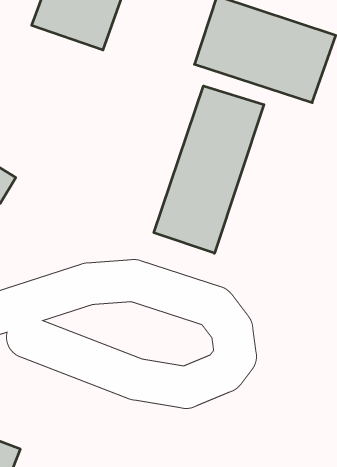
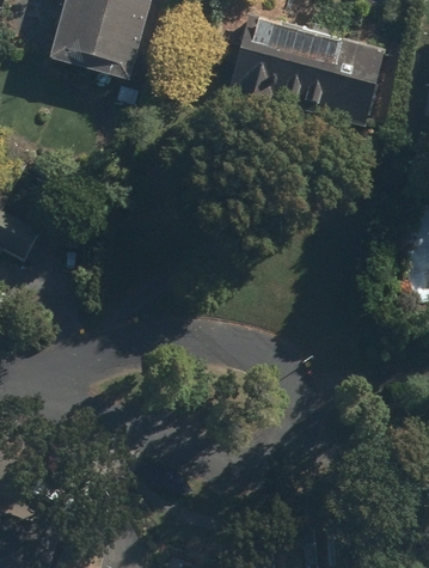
building: [154,86,264,253] -> none

